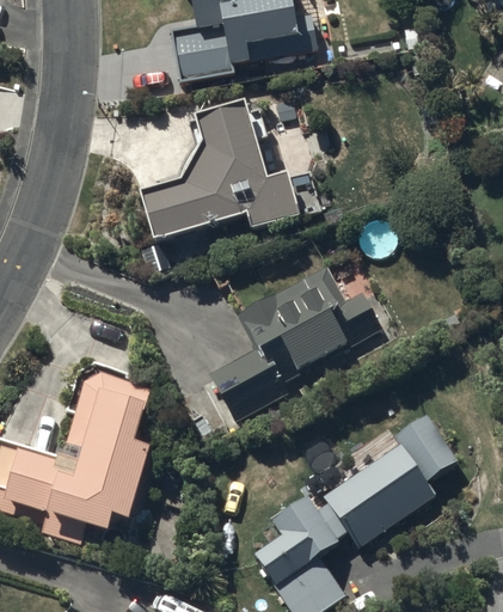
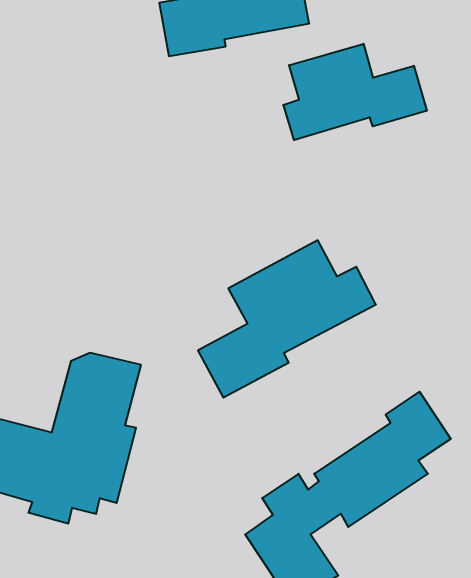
building: none -> [283,44,427,140]
building: [139,105,323,245] -> none

